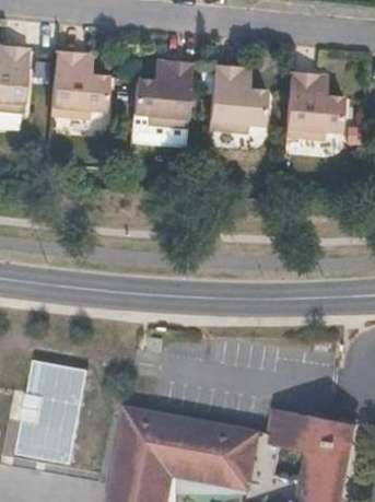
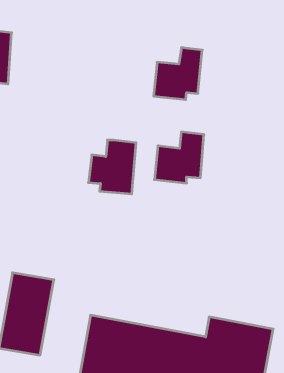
building: [51,51,110,119] -> none
building: [133,60,194,128] -> [88,140,136,194]
building: [286,75,349,140] -> [154,132,204,183]

